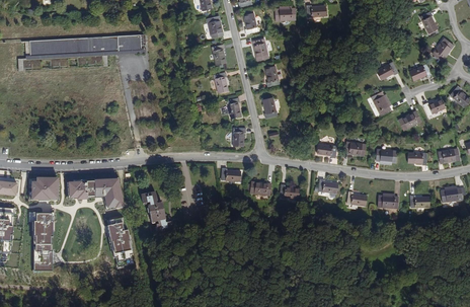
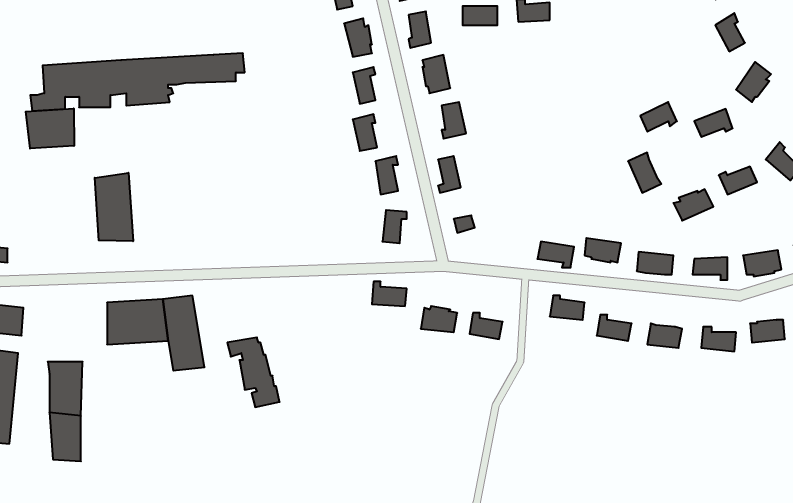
building: none -> [26,108,74,149]
building: none -> [95,173,133,241]
building: [31,178,59,203] -> none
building: [105,217,130,249] -> none

